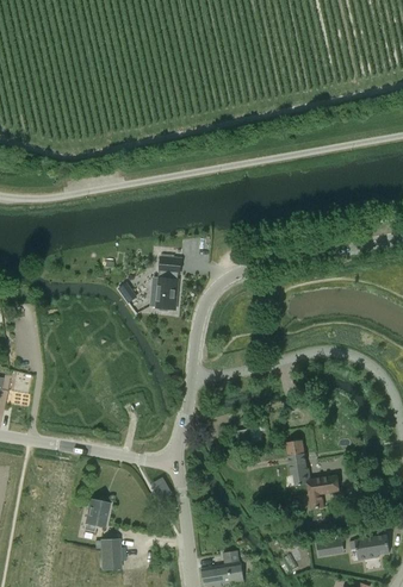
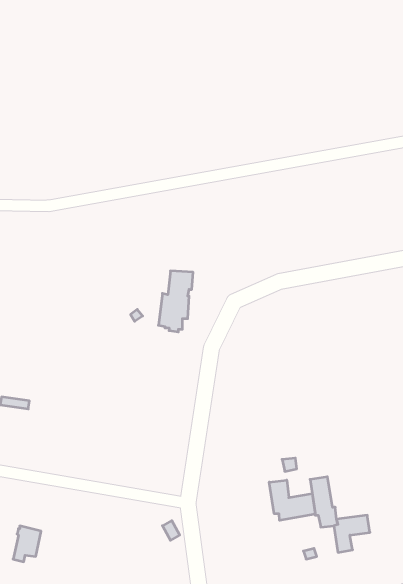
building: none -> [269,480,315,520]
building: [83,499,109,531] -> [13,526,41,562]

